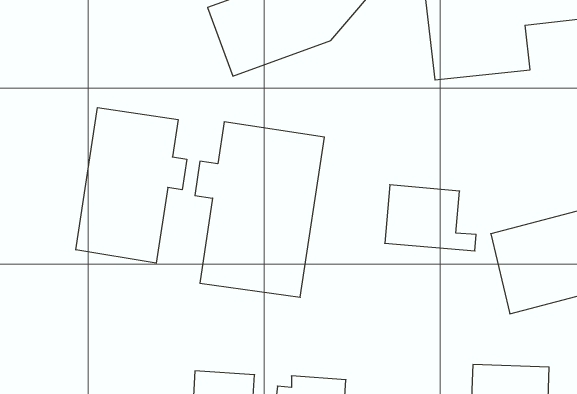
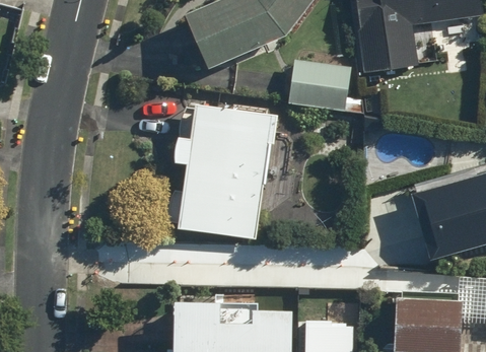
building: [76,108,187,263] -> none
building: [385,185,476,251] -> [290,59,363,112]

